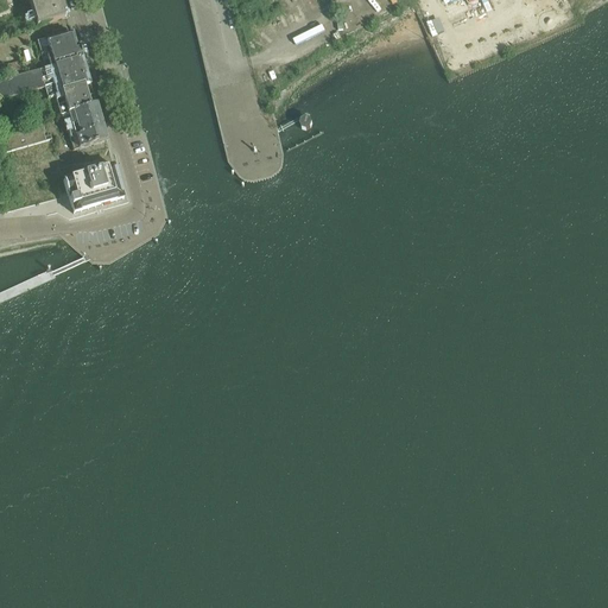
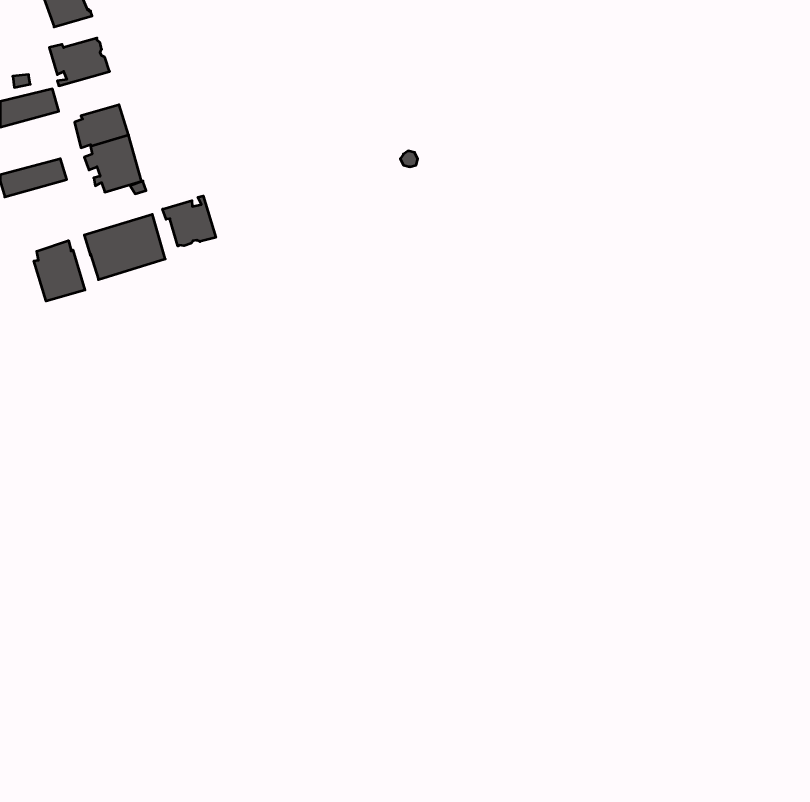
building: [40,53,90,94] -> none
building: none -> [163,196,216,246]
building: none -> [34,241,85,301]

